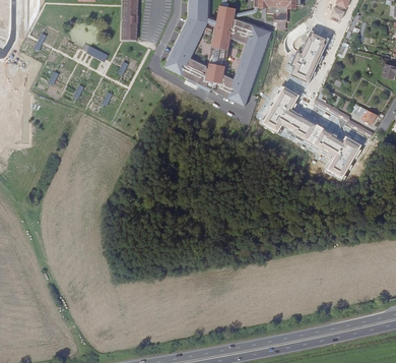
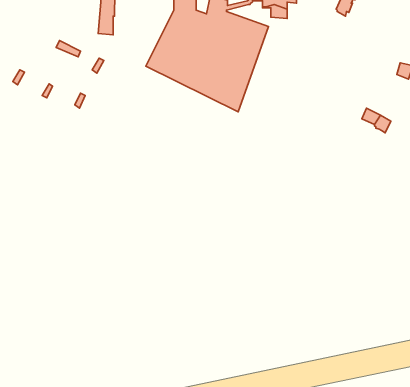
building: [291,31,327,83] -> none
building: [260,85,360,180] -> none

